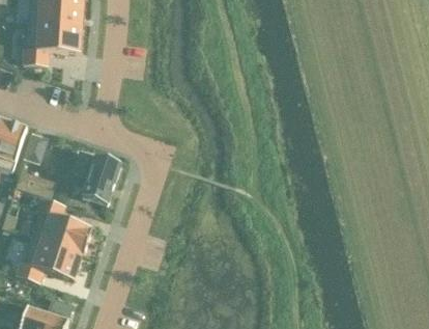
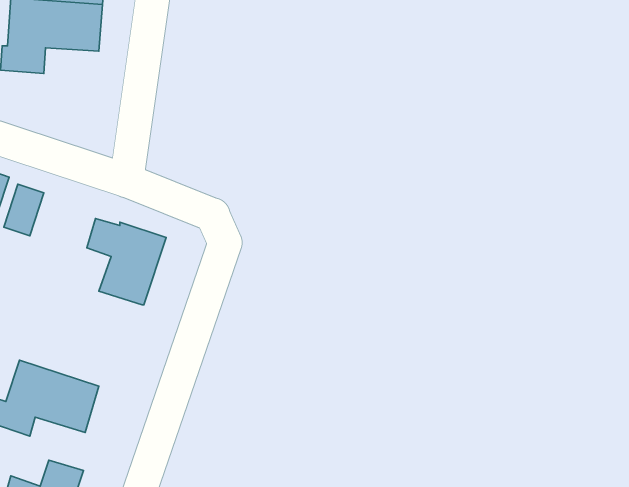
building: [32,196,89,254] -> none

